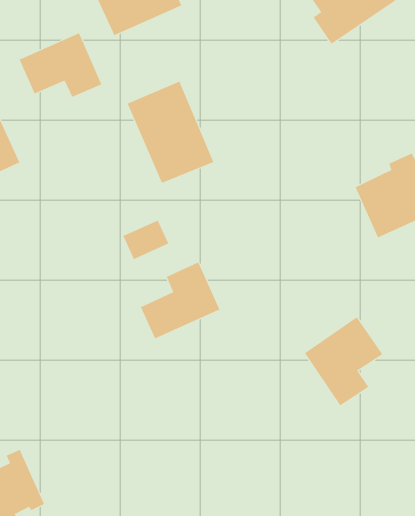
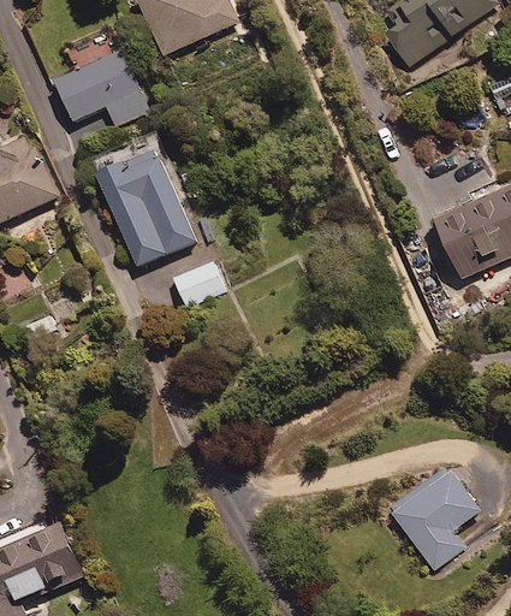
building: [127,81,214,184] -> [99,152,196,266]
building: [140,261,220,339] -> none
building: [304,316,383,406] -> [391,469,479,569]

